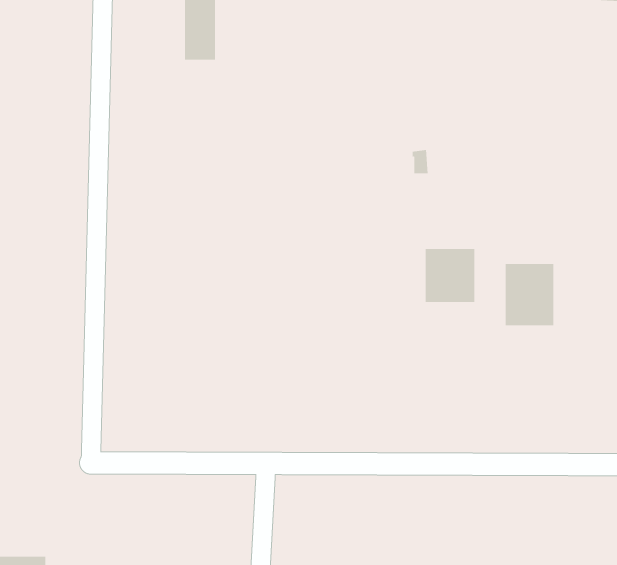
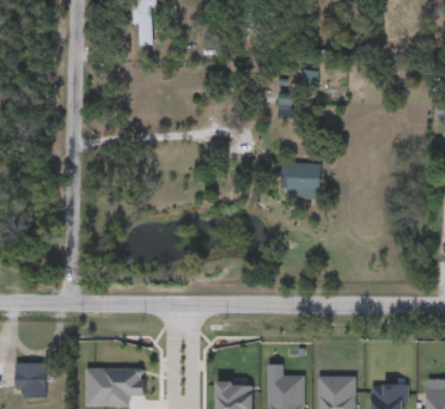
building: [505,263,554,326] -> none

